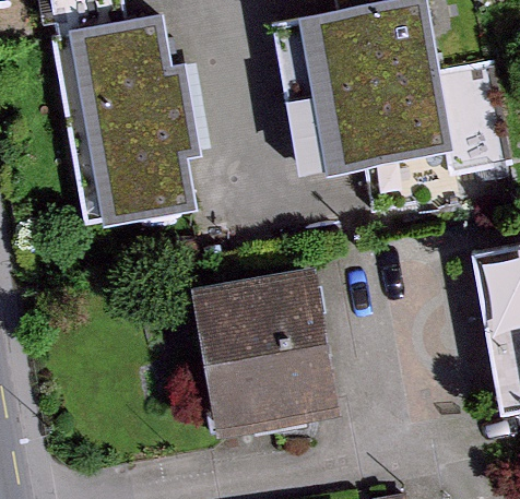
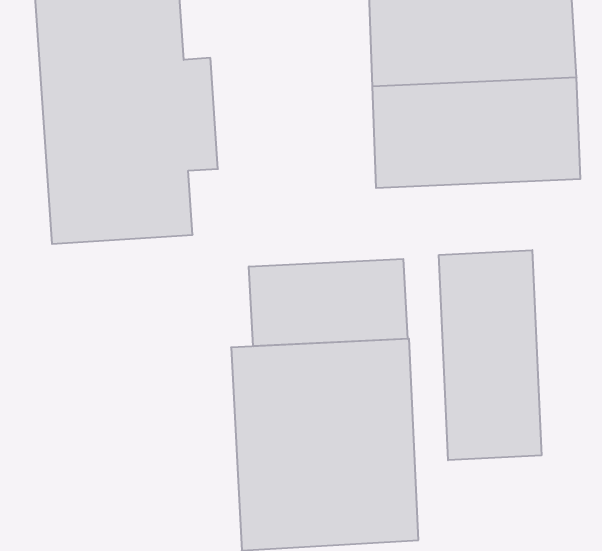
building: none -> [439,250,541,460]
building: none -> [249,259,408,346]

